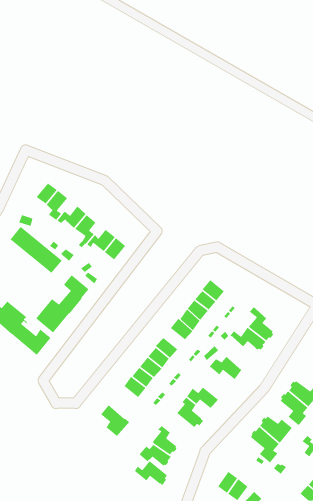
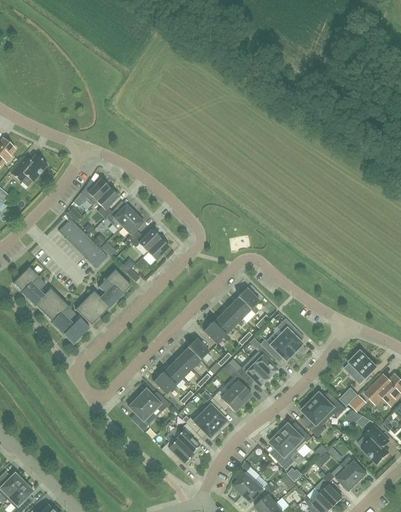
building: none -> [254,345,277,377]
building: none -> [229,371,251,403]
building: none -> [137,388,169,412]
building: [134,460,168,486] -> [185,412,217,438]

